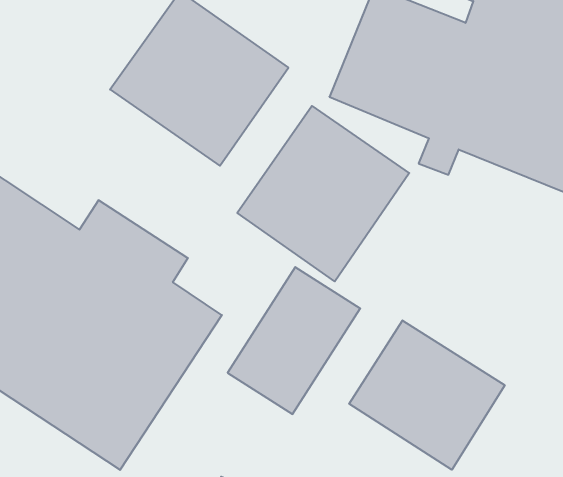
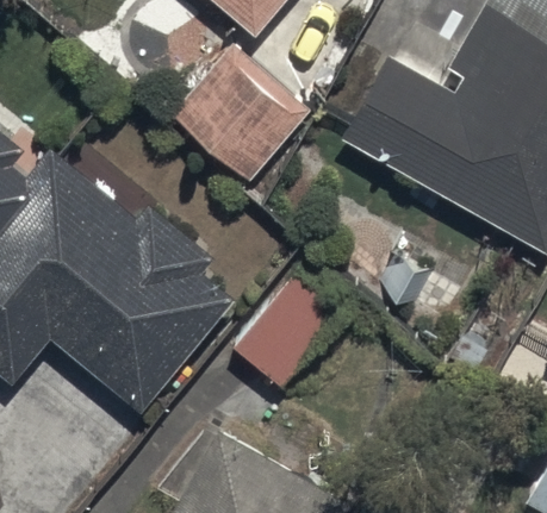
building: [237,106,409,281] -> none
building: [349,320,505,470] -> none

